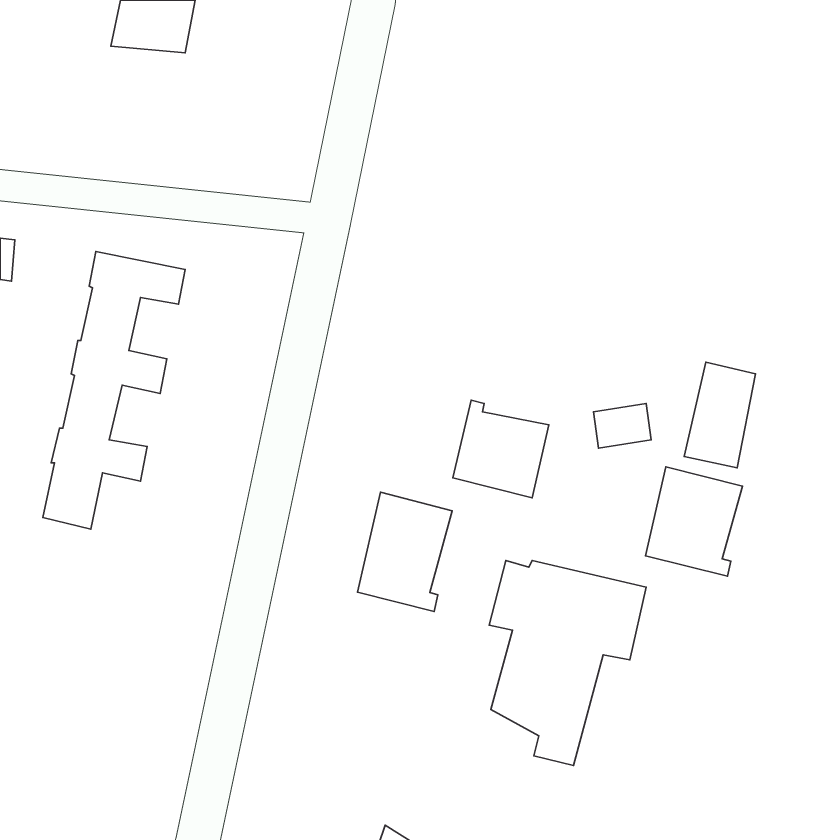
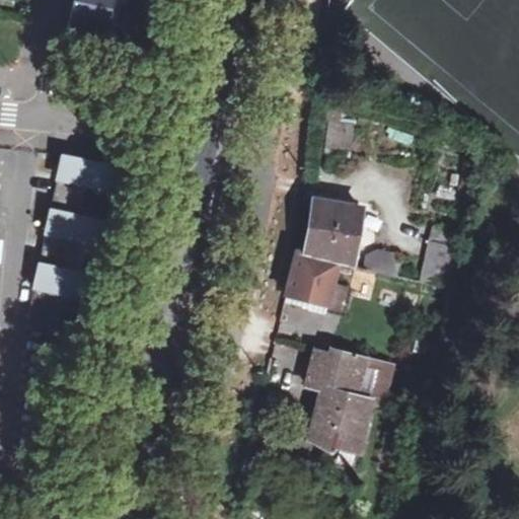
building: none -> [300,196,365,266]
building: [645,467,742,576] -> none
building: [357,492,452,611] -> none

